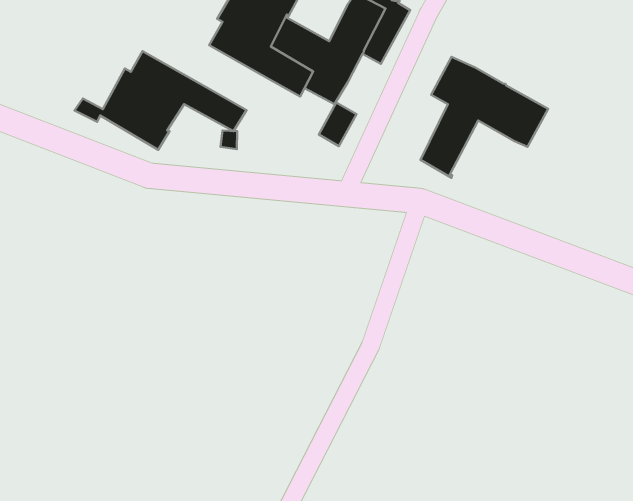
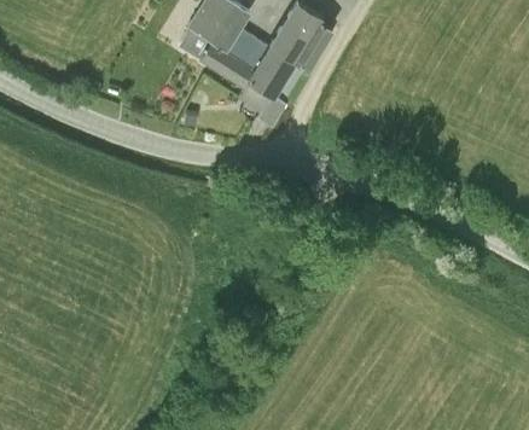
building: [75,51,247,150] -> none
building: [420,57,548,178] -> none

